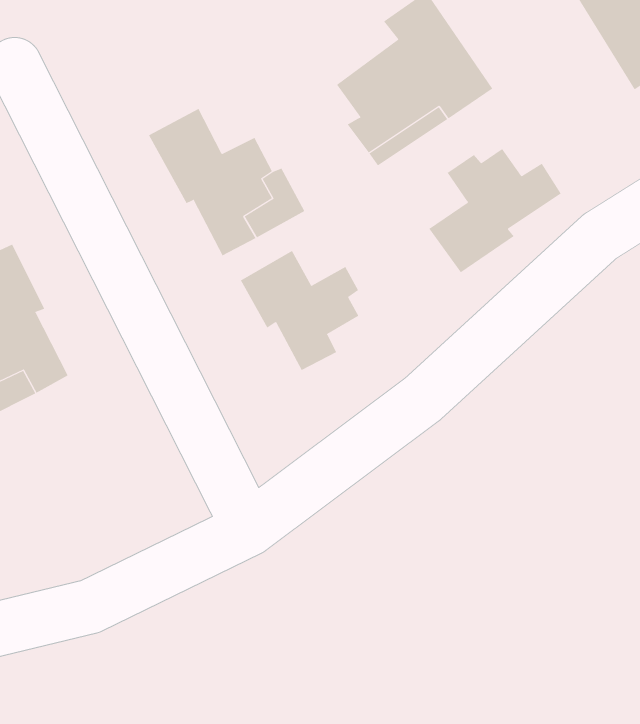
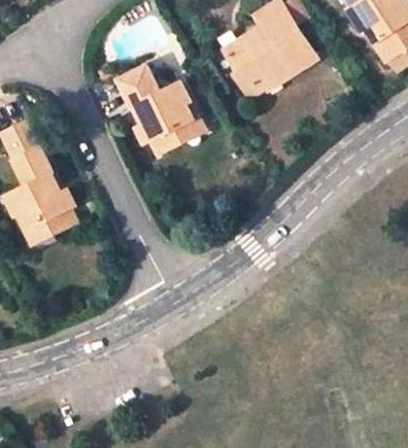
building: [429,148,561,273] -> none
building: [240,250,359,371] -> none

